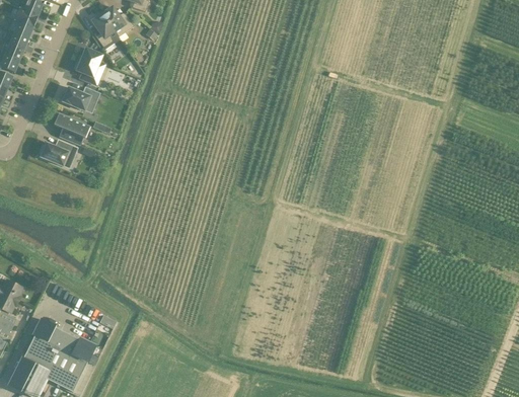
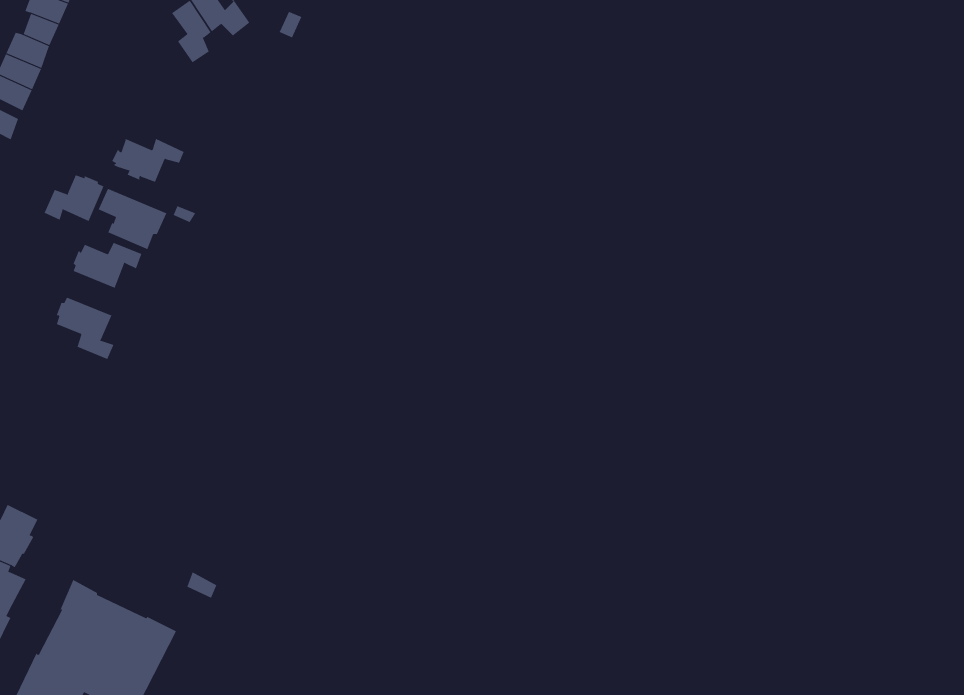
building: [77,49,101,82] -> none
building: none -> [44,174,104,222]
building: none -> [56,297,114,360]

